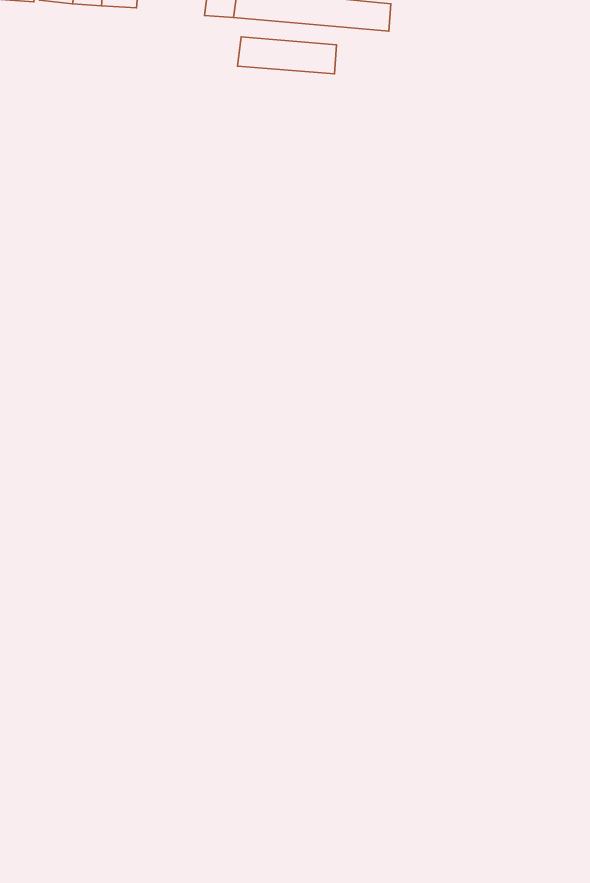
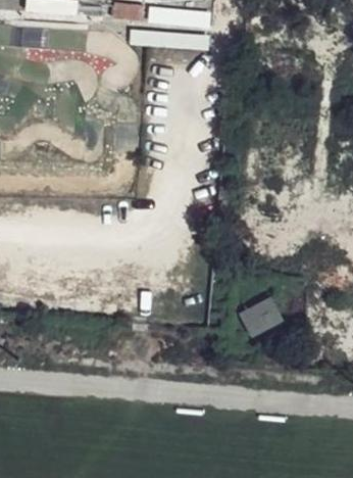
building: none -> [238,300,283,340]

